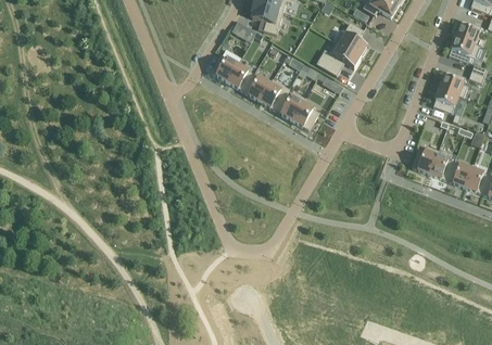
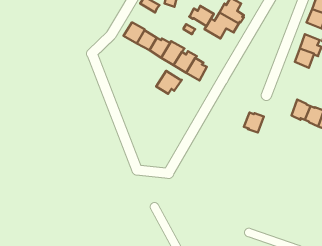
building: none -> [189,6,214,26]
building: none -> [156,71,182,94]
building: [409,149,436,175] -> [244,112,264,133]

